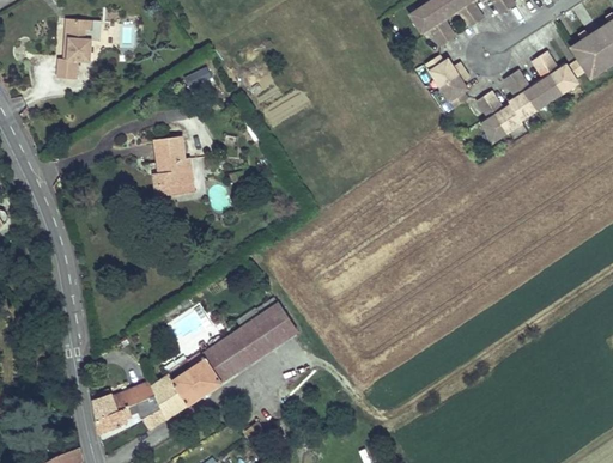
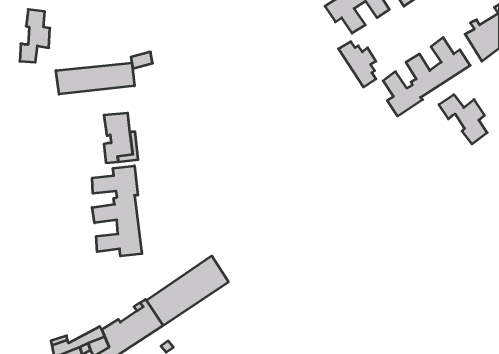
building: none -> [56,63,134,94]
building: none -> [439,95,487,144]
building: none -> [92,166,142,256]

